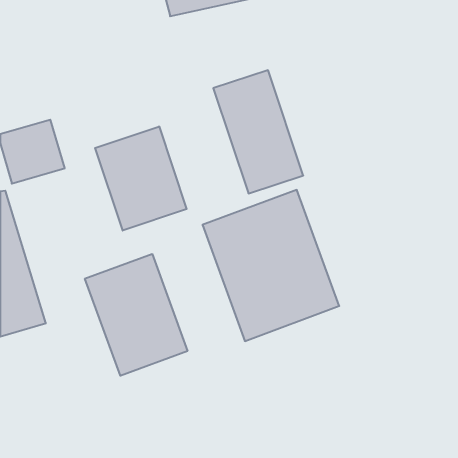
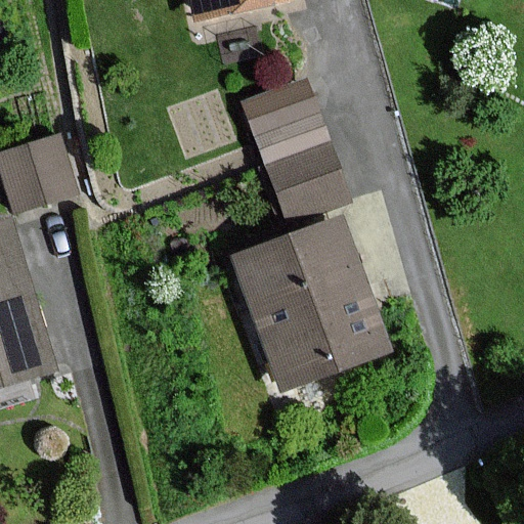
building: [95,126,187,231] -> none
building: [85,254,187,376] -> none

